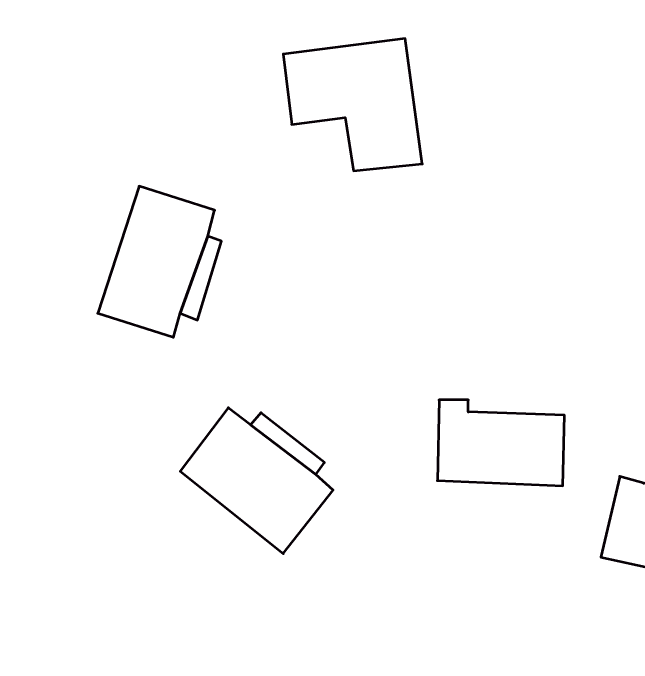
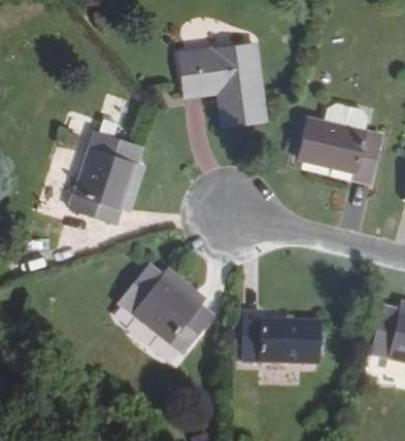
building: none -> [298,118,380,183]
building: [437,400,564,486] -> [242,312,318,364]

